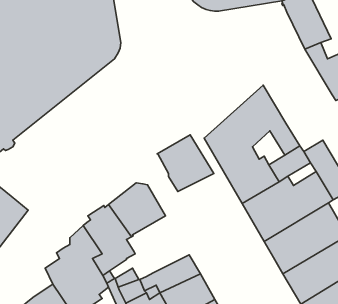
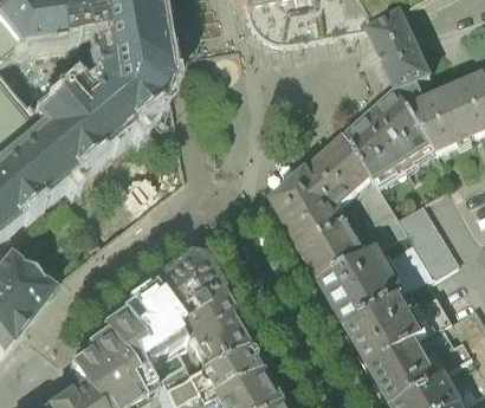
building: none -> [344,88,431,180]
building: [157,135,214,192] -> [181,296,252,367]

